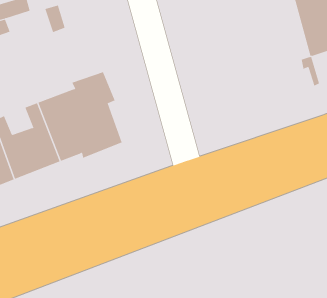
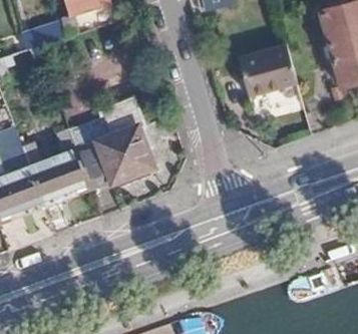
building: none -> [240,40,298,93]

